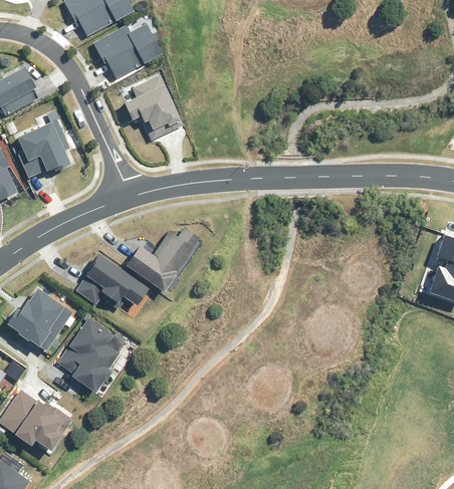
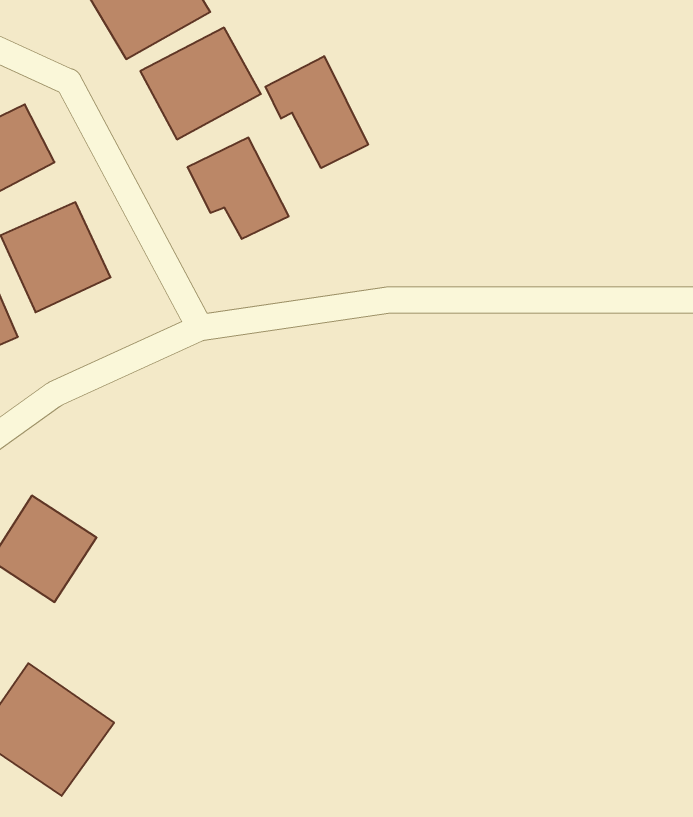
building: none -> [265,56,368,168]
building: [127,222,201,290] -> none
building: [71,252,151,315] -> none
building: [57,318,124,398] -> none

